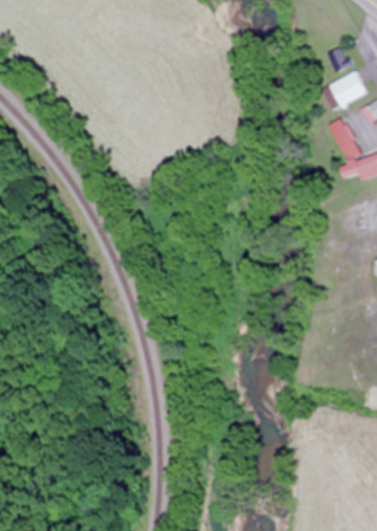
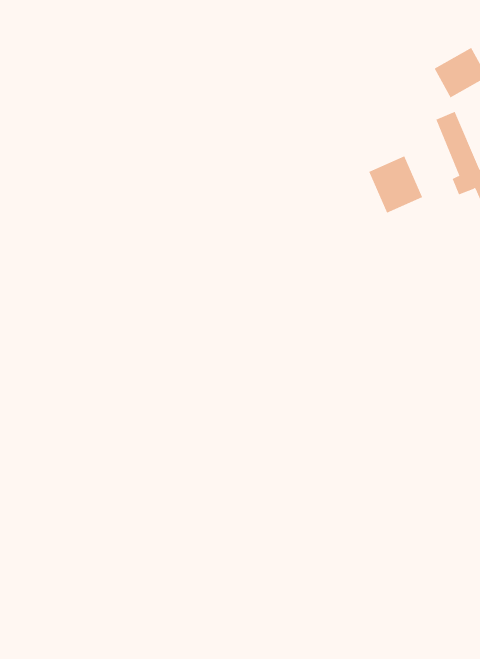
building: none -> [368,155,423,214]

